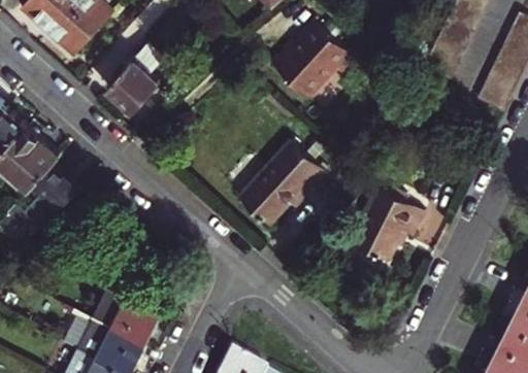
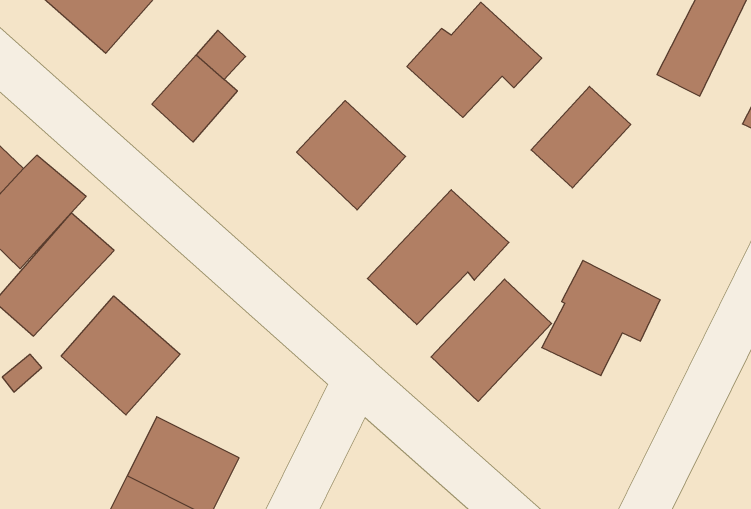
building: none -> [531,86,631,188]
building: none -> [297,101,406,210]
building: none -> [431,279,552,401]
building: none -> [61,296,180,415]

